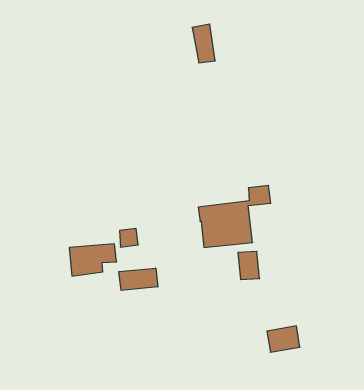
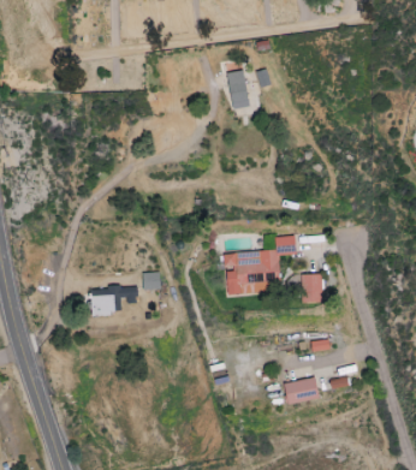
building: [238,251,260,280] -> [301,274,321,302]
building: [119,268,158,290] -> none

